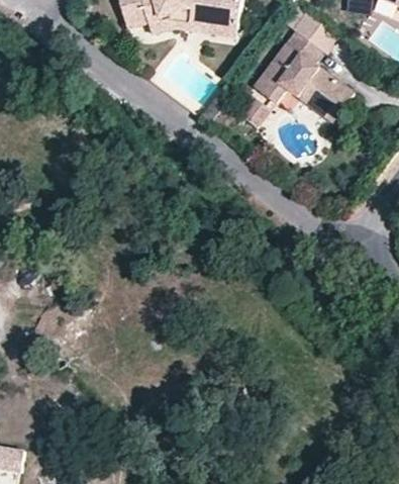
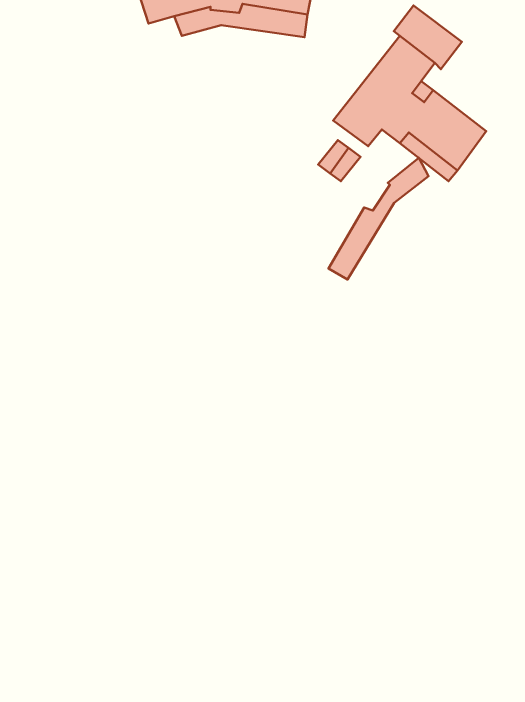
building: none -> [329,158,429,280]

